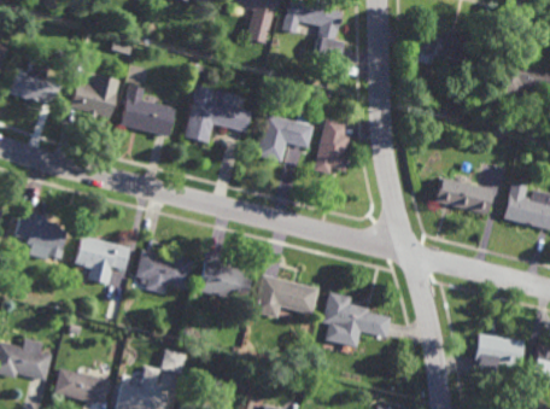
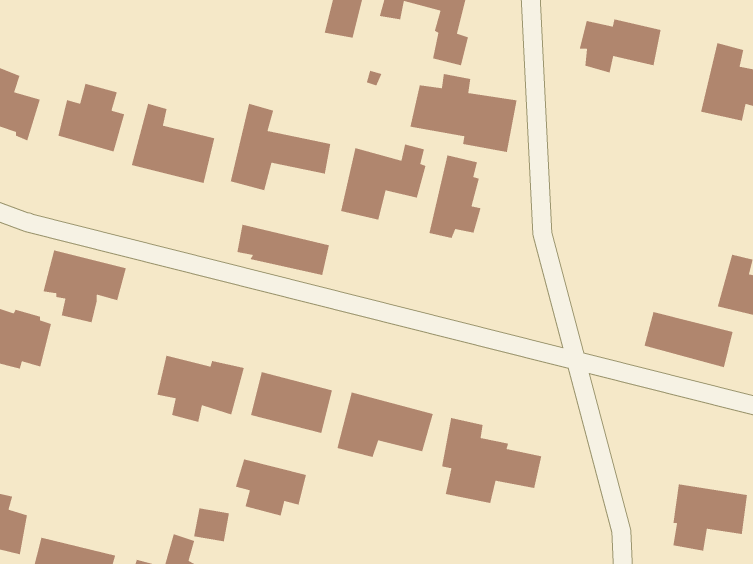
building: none -> [409,73,517,153]
building: none -> [236,224,330,276]
building: [434,177,493,215] -> [644,311,734,368]
building: [75,235,130,284] -> [42,250,127,323]
building: none -> [235,459,307,517]

